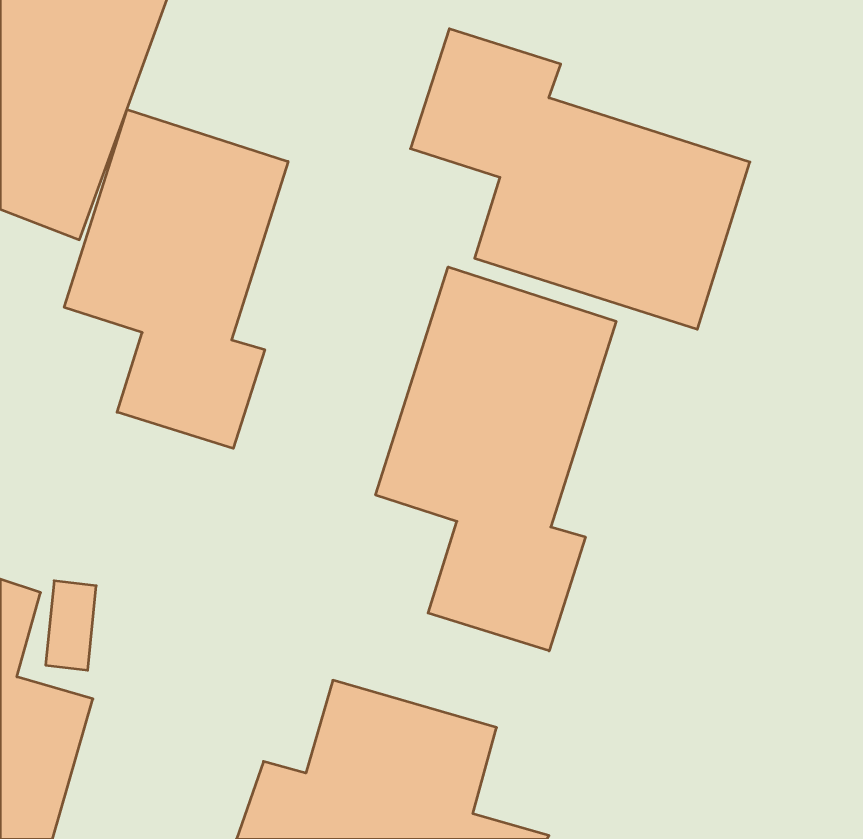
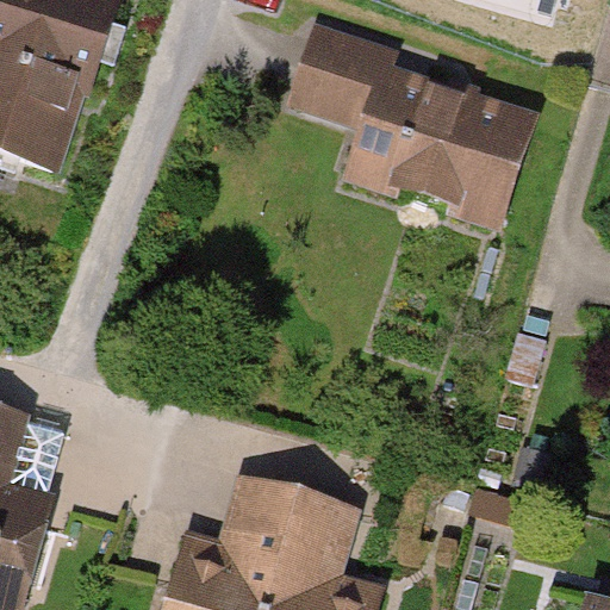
building: [64,109,288,448] -> none
building: [376,267,616,651] -> none

